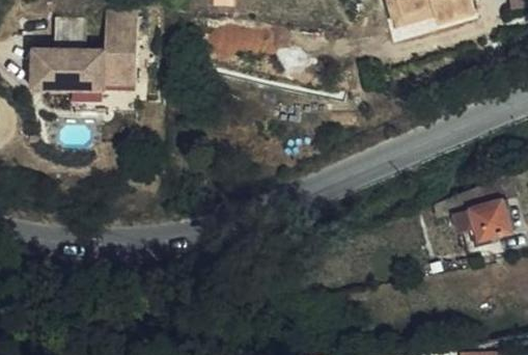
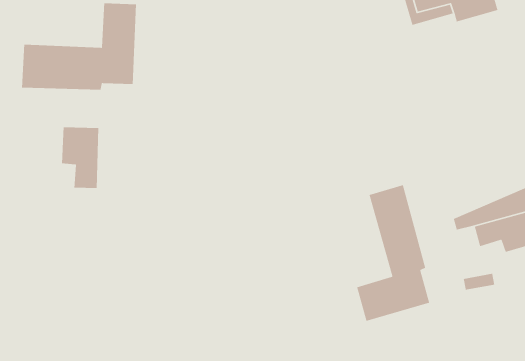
building: none -> [61,127,99,189]
building: none -> [356,184,430,322]

